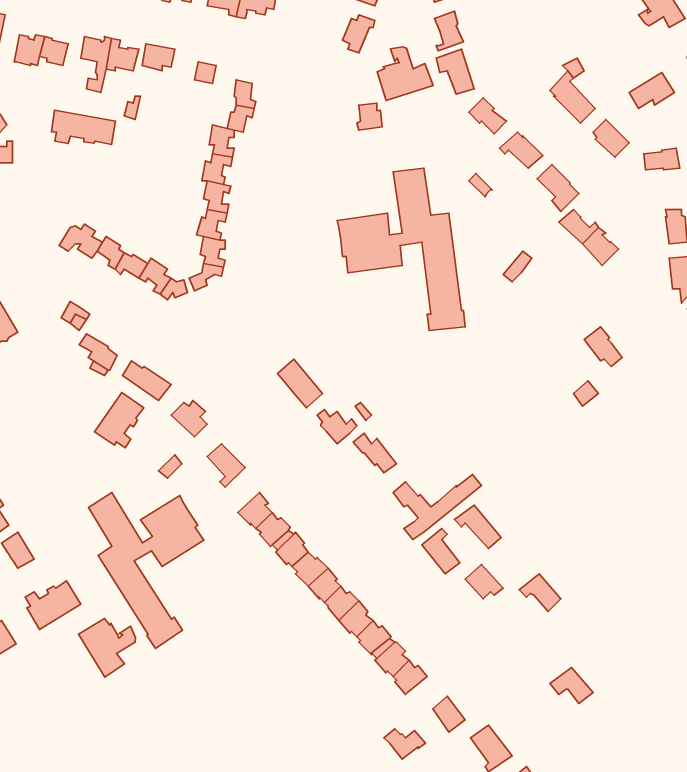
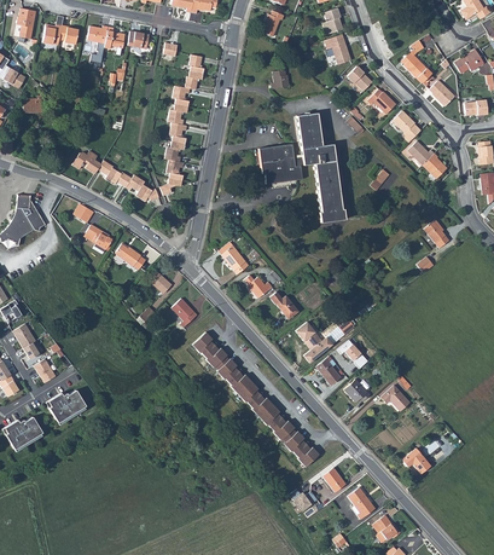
building: [377,47,433,100] -> none
building: [51,110,116,144] -> none
building: [94,393,144,448] -> none
building: [88,492,204,648] -> none
building: [79,618,135,677] -> none

